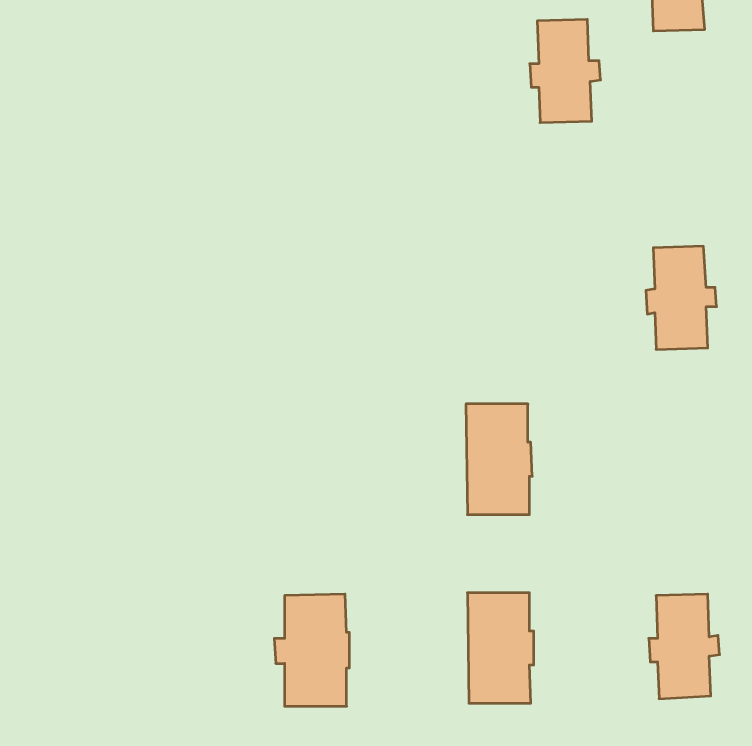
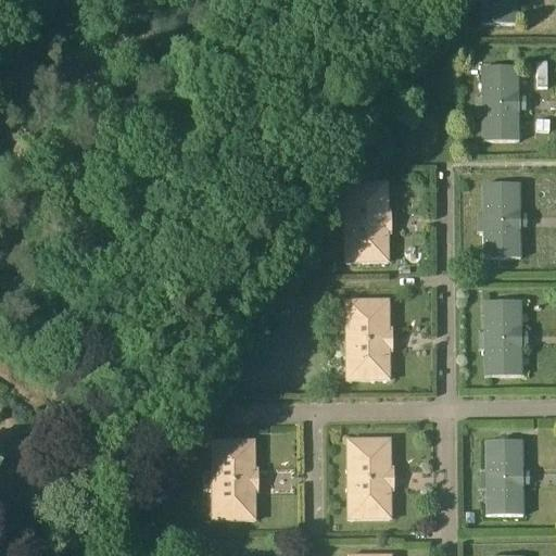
building: [530,19,601,123] -> [476,64,528,140]
building: none -> [343,180,392,262]
building: none -> [478,299,529,375]

